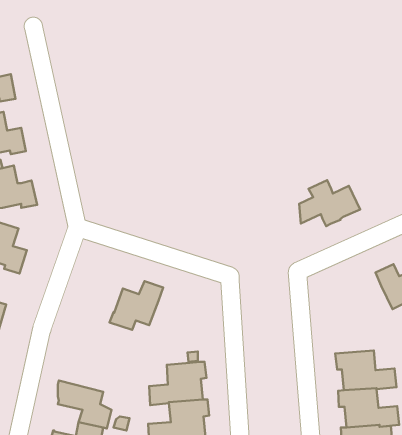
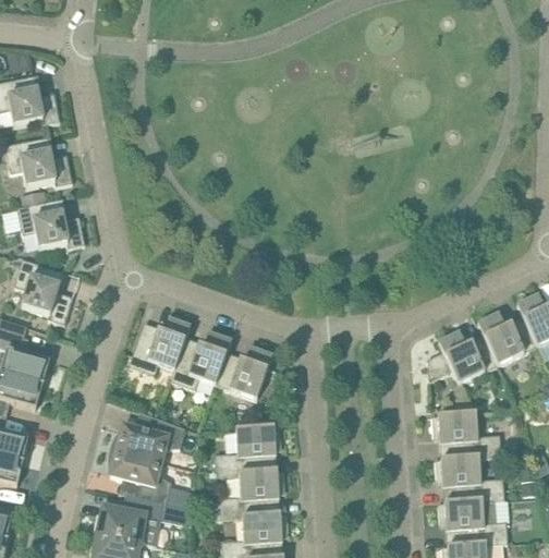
building: [299,180,360,226] -> [426,331,497,385]
building: none -> [127,318,190,375]
building: none -> [215,347,271,399]
building: none -> [110,416,184,461]

